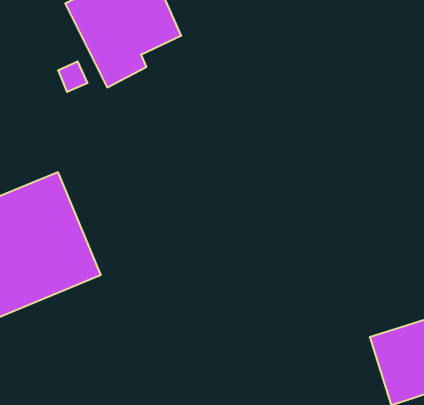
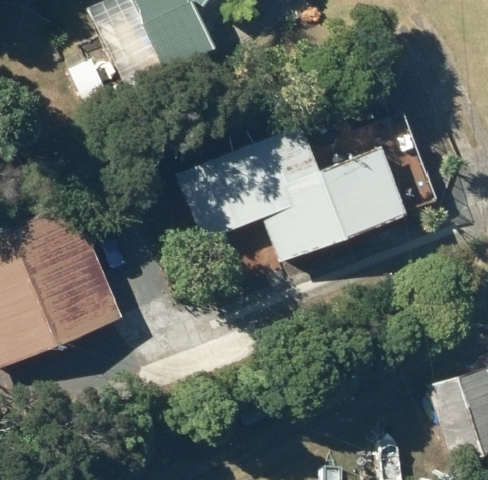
building: none -> [233,121,406,263]

